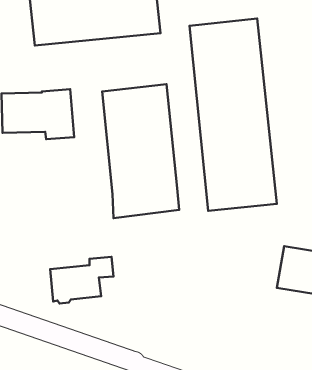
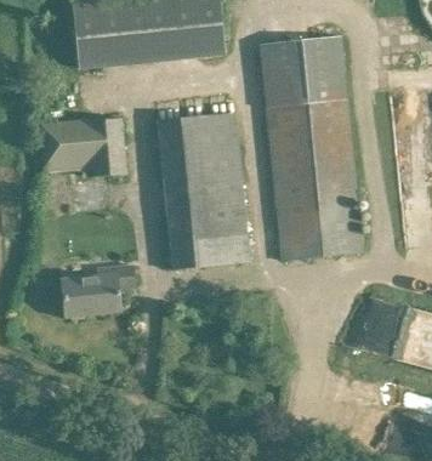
building: [50,257,114,304] -> [61,266,135,320]

